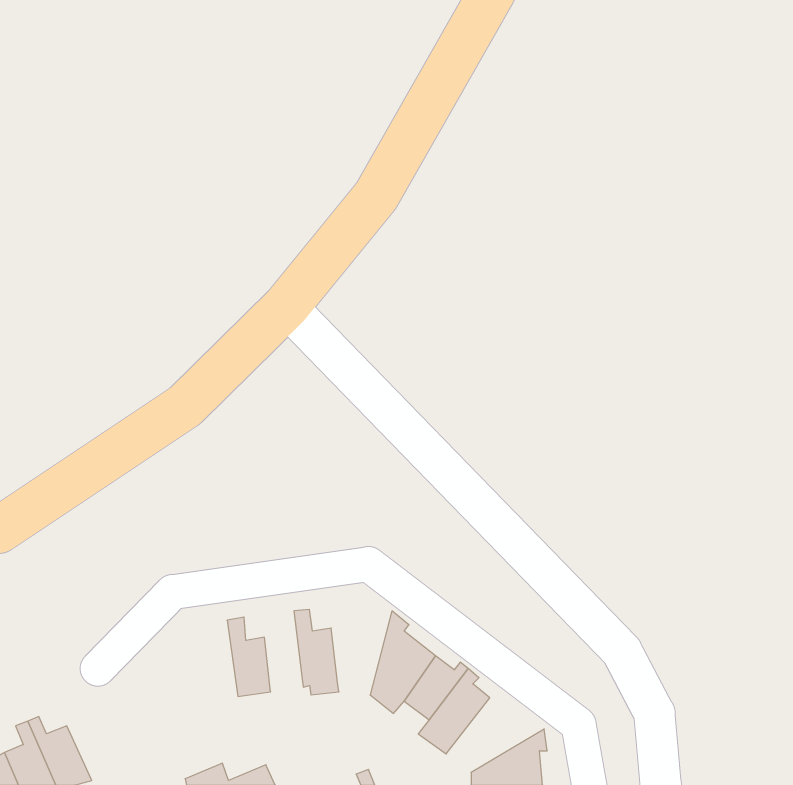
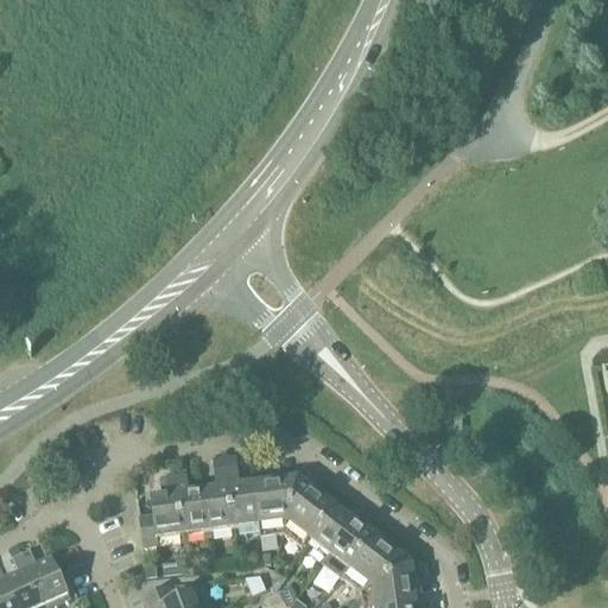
building: none -> [202,467,232,528]
building: none -> [253,467,299,533]
building: none -> [139,474,182,544]
building: none -> [341,533,416,590]

